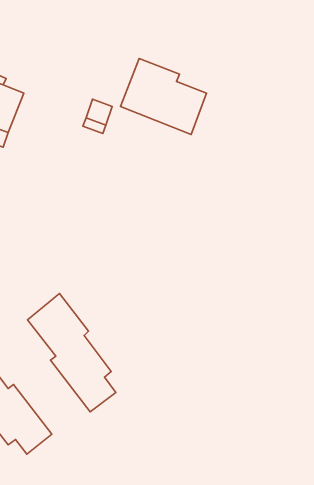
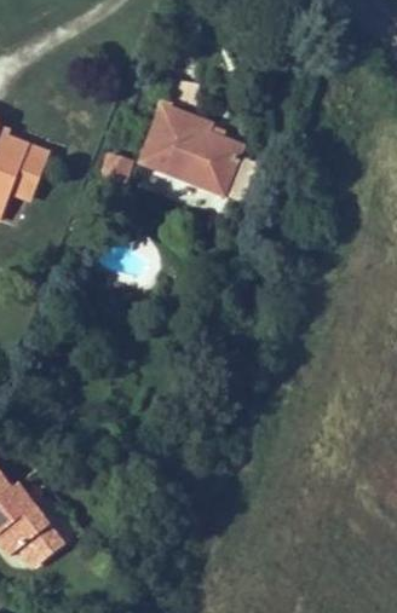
building: [28,293,116,412] -> none

